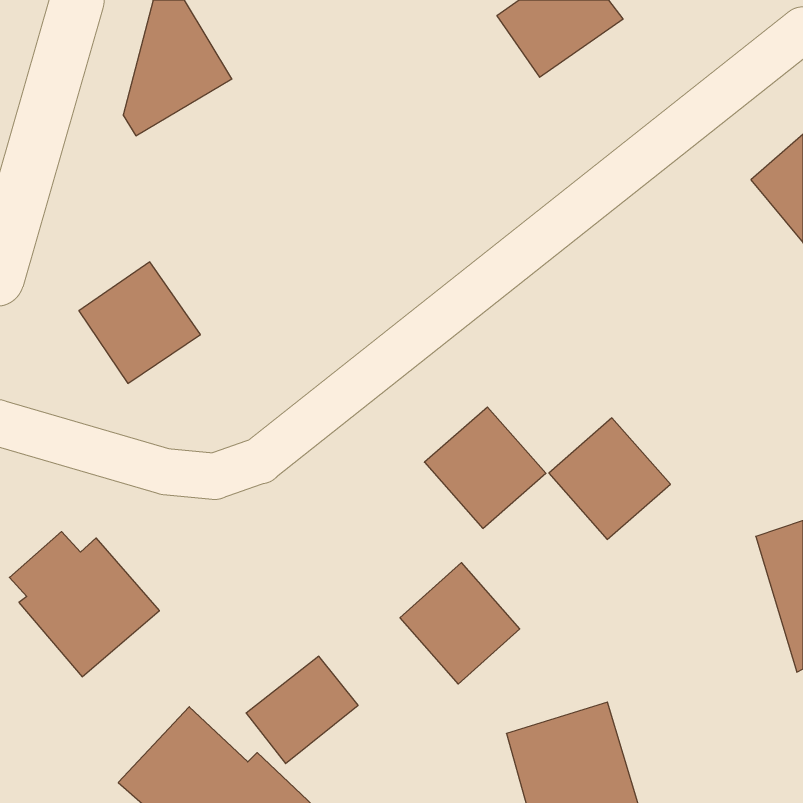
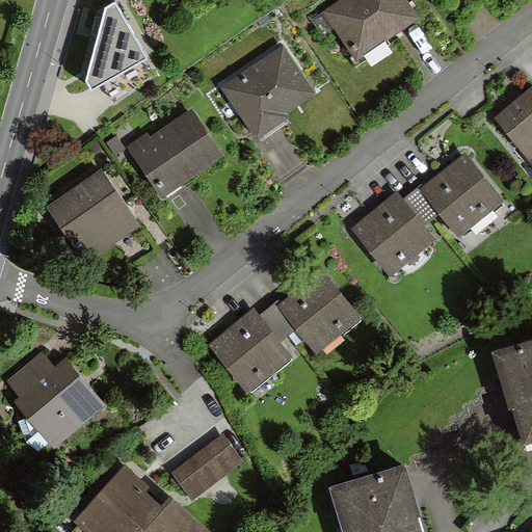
building: none -> [227,49,309,128]
building: none -> [134,112,215,189]
building: none -> [422,153,502,233]
building: [549,418,670,539] -> [354,192,434,272]
building: [400,563,520,684] -> [212,311,291,391]

